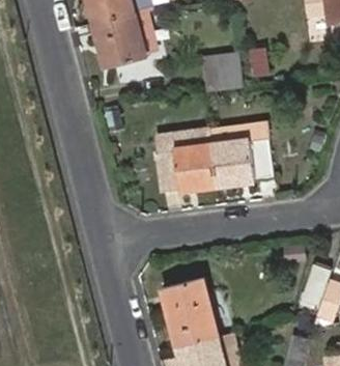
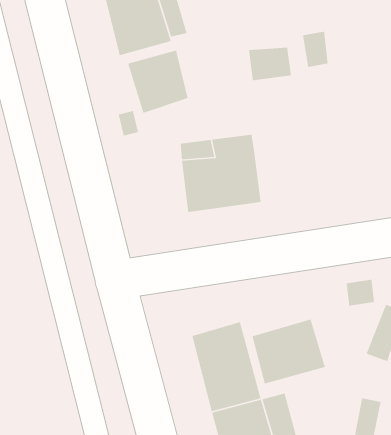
building: none -> [127,49,188,114]
building: [210,120,276,182] -> none
building: none -> [252,319,326,384]

